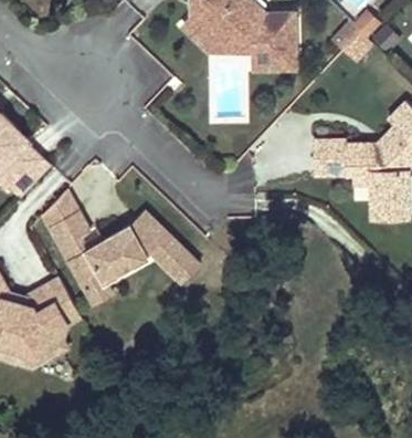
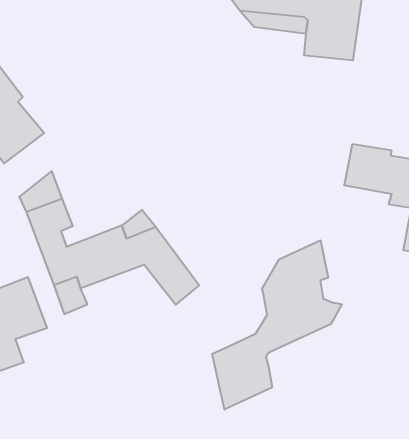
building: none -> [212,240,342,410]

